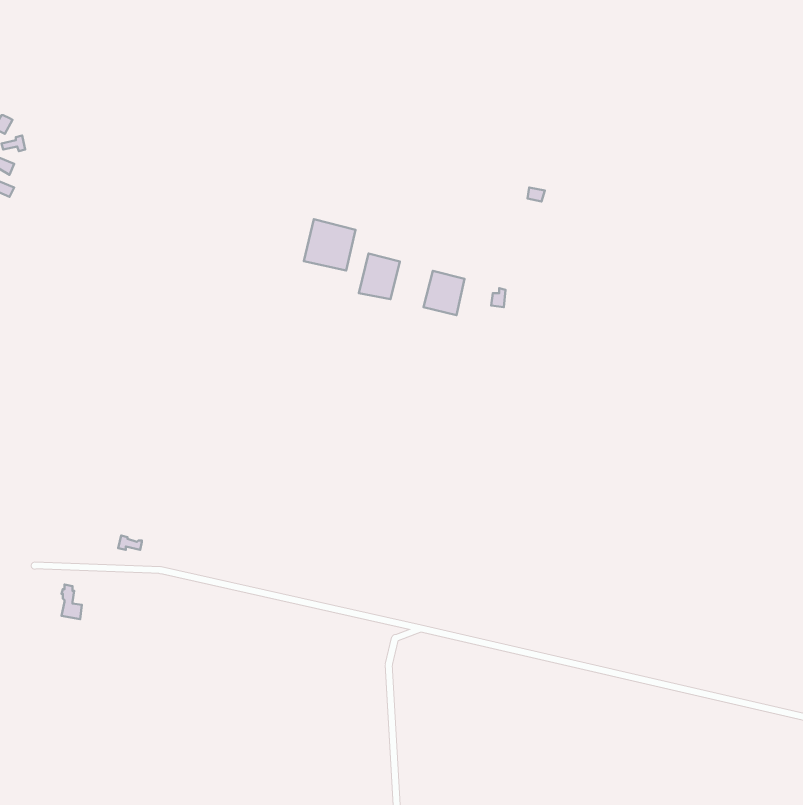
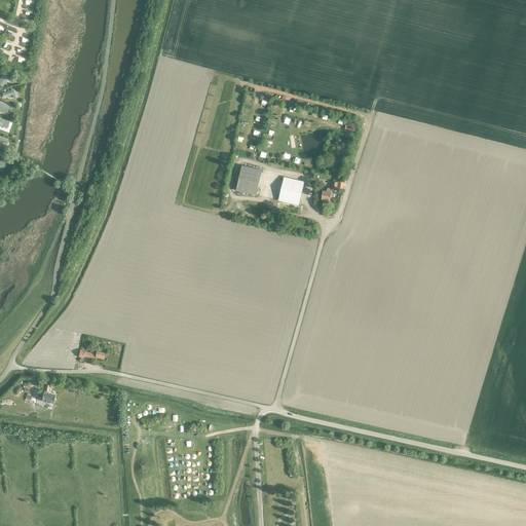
building: [304,219,355,270] -> none

